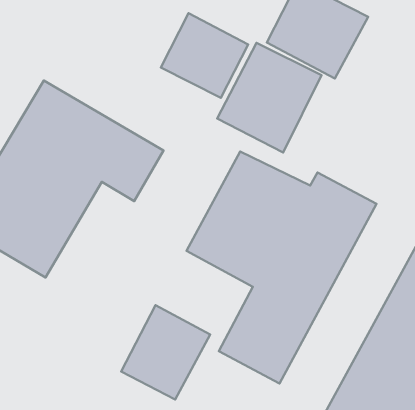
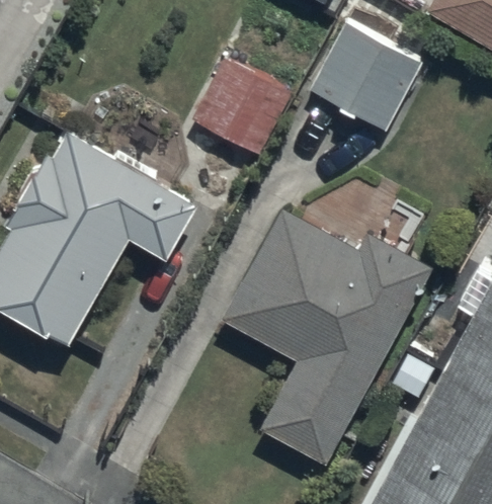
building: [217,43,322,153] -> none
building: [121,305,210,399] -> none

